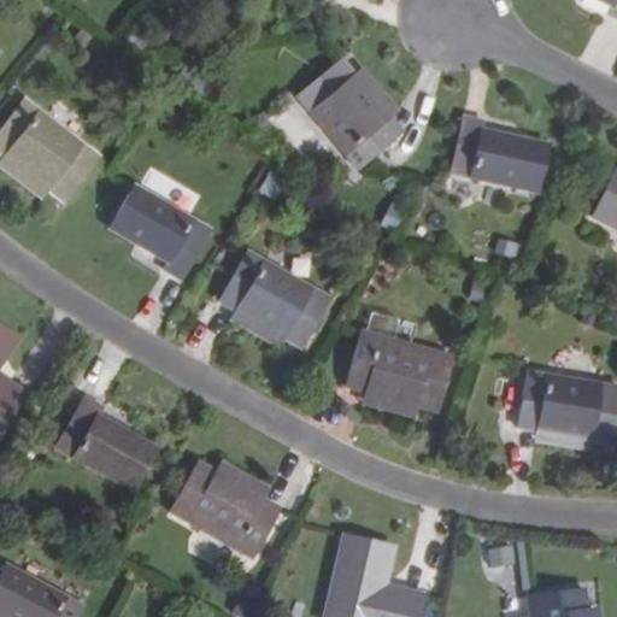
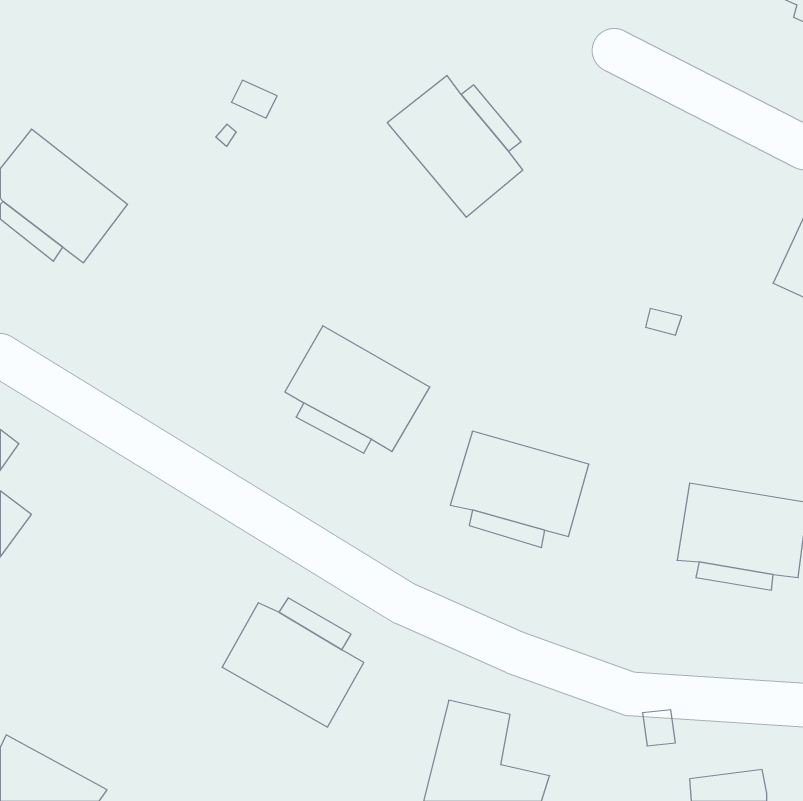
building: [452,114,548,192] -> none
building: [110,184,211,278] -> none
building: [57,396,157,489] -> none

